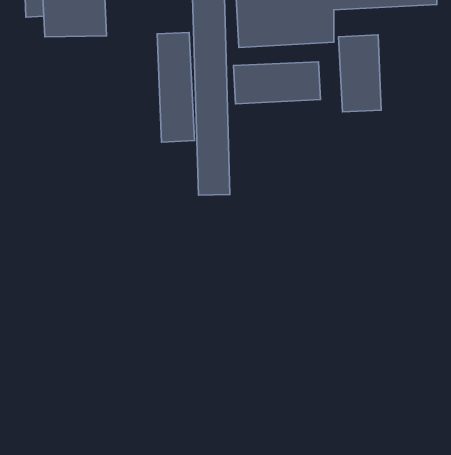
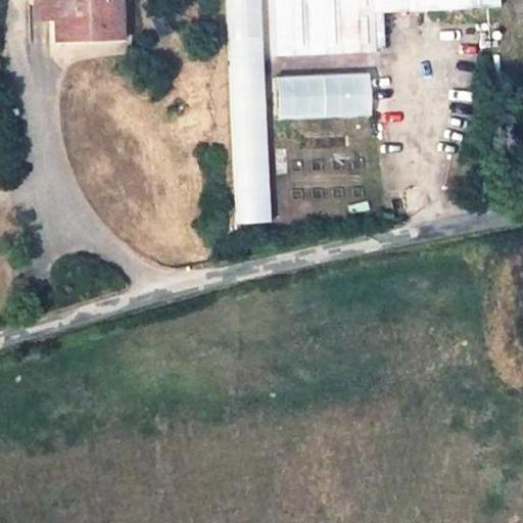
building: [157,33,195,142] -> none
building: [339,35,381,112] -> none

